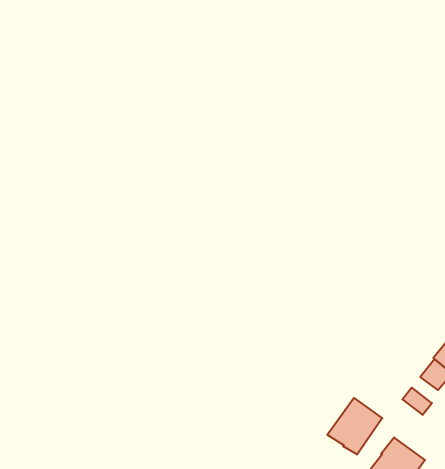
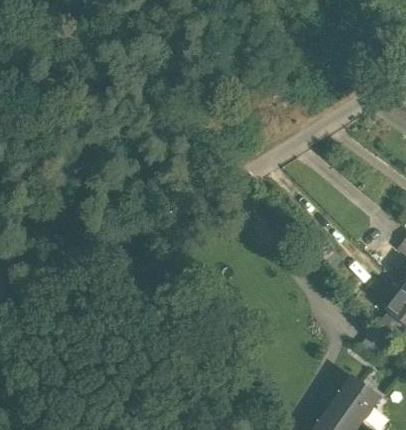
building: [327,398,382,455] -> none

